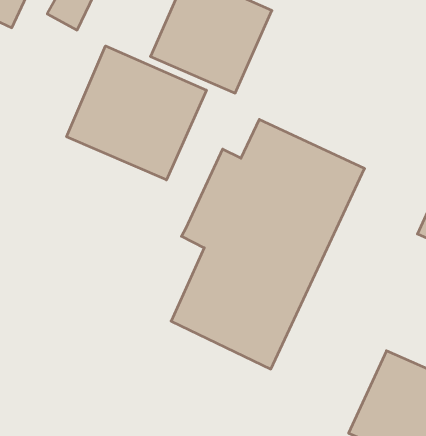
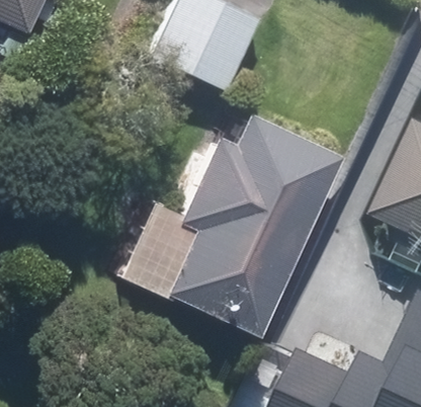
building: [67,46,206,180] -> none

